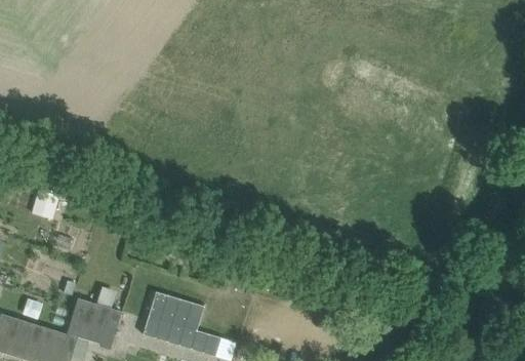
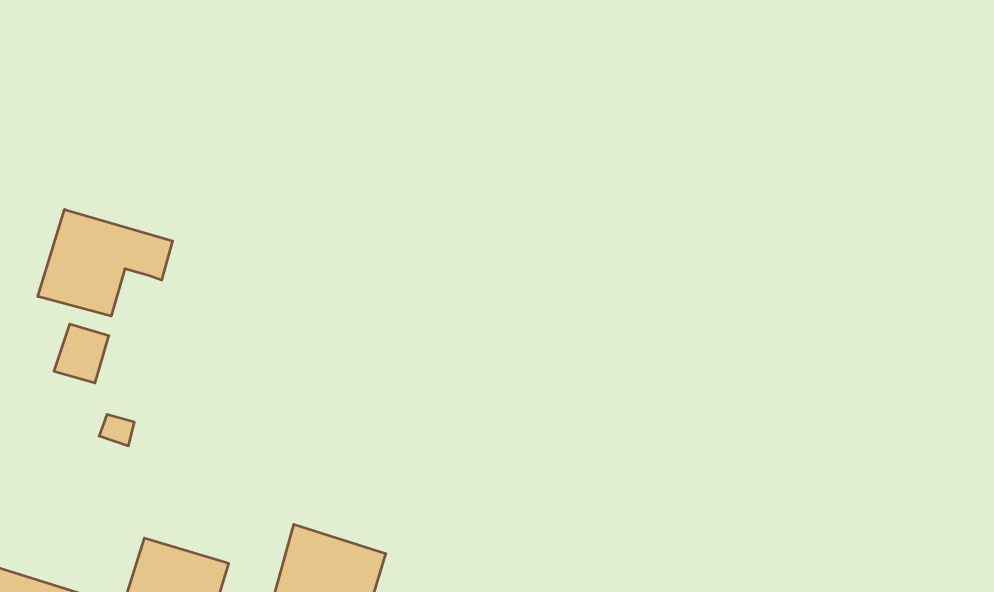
building: none -> [38,209,173,316]

